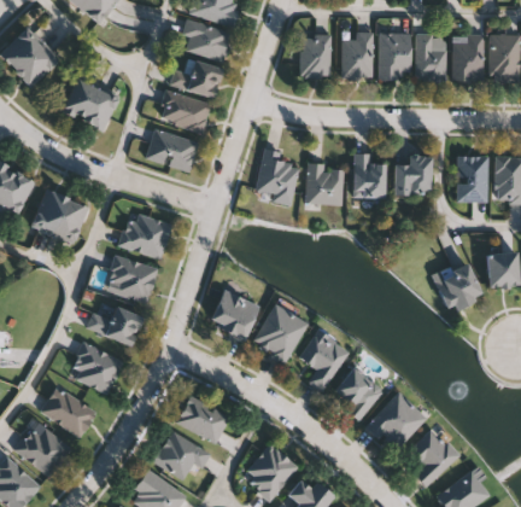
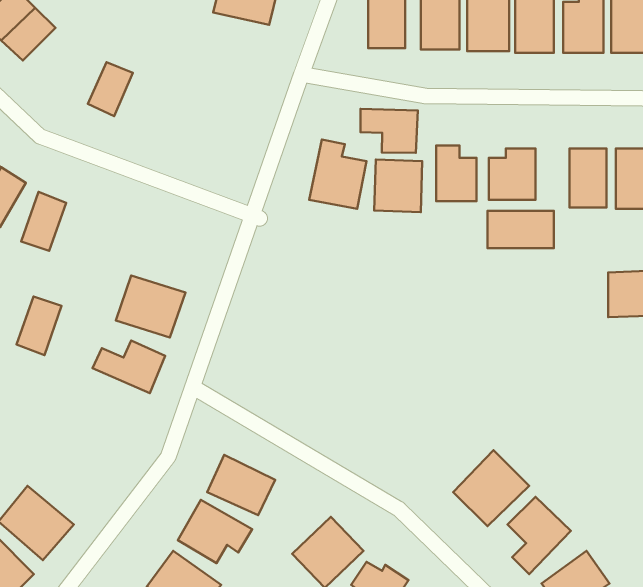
building: [169,60,222,97] -> none
building: [62,78,96,121] -> none
building: [158,91,210,134] -> none
building: none -> [360,109,418,153]
building: [145,129,198,171] -> none
building: [52,198,87,244] -> [17,296,61,355]
building: none -> [487,211,554,248]
building: [119,211,171,258] -> none
building: [440,270,476,307] -> none
building: [207,290,258,340] -> none
building: [250,303,306,363] -> none
building: [299,332,347,391] -> none
building: [68,342,123,394] -> none
building: [333,366,382,419] -> none
building: [39,385,96,438] -> none

